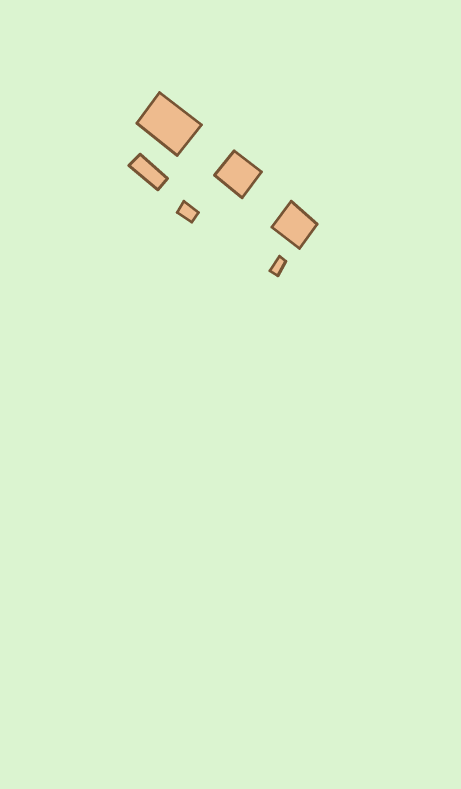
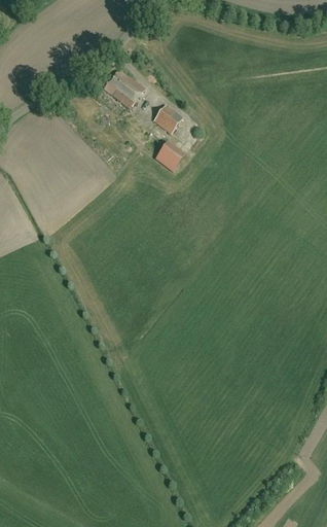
building: [272,201,317,248] -> [155,142,184,172]

